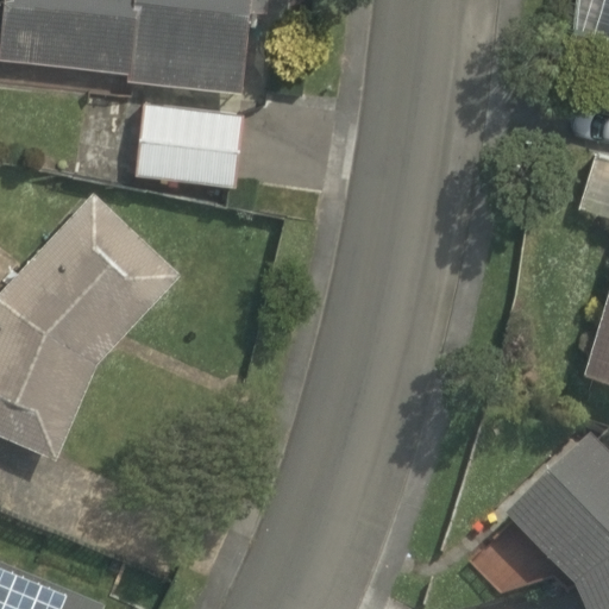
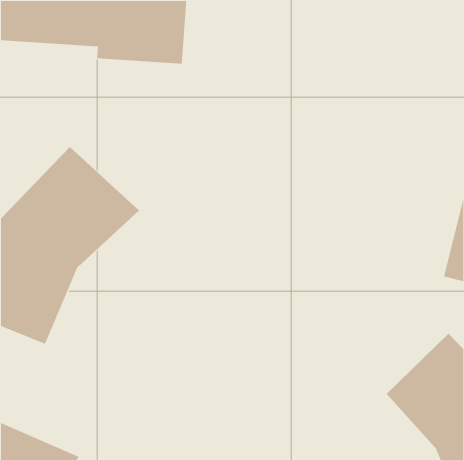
building: [136,95,244,184] -> none

